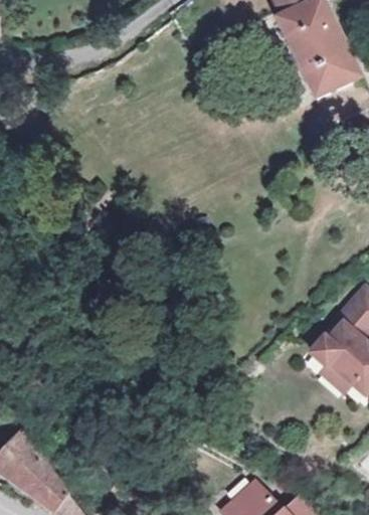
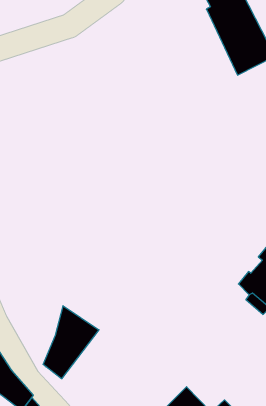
building: none -> [43,306,99,379]

